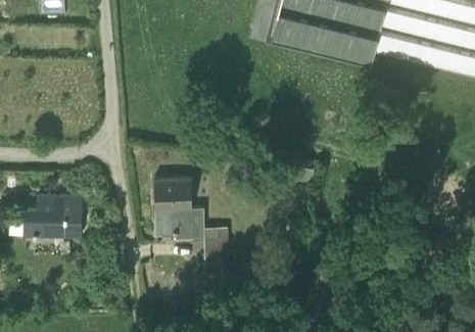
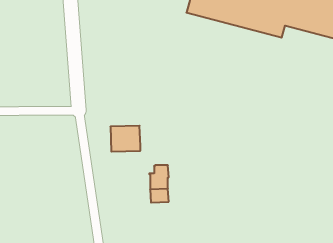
building: [23,198,81,238] -> none
building: [155,207,204,239] -> none

